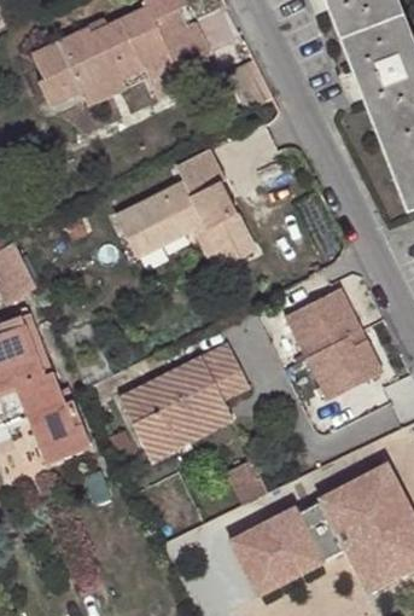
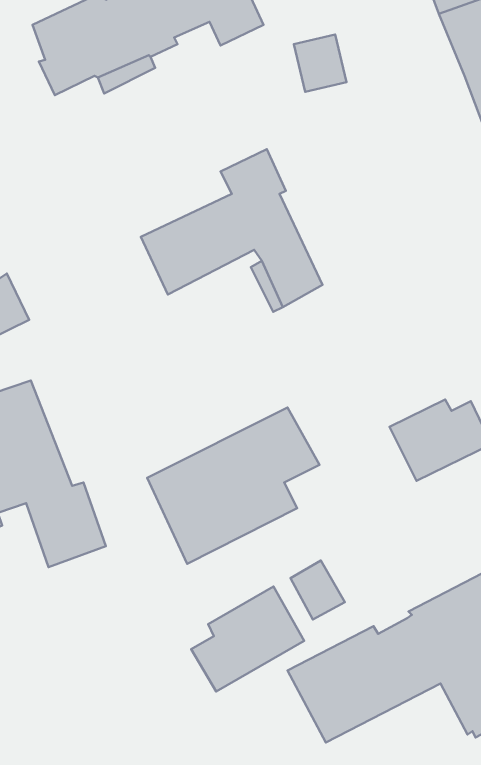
building: [282,285,356,356] -> none
building: none -> [191,586,304,692]

